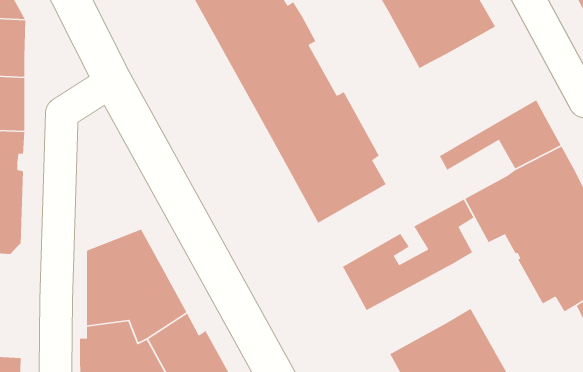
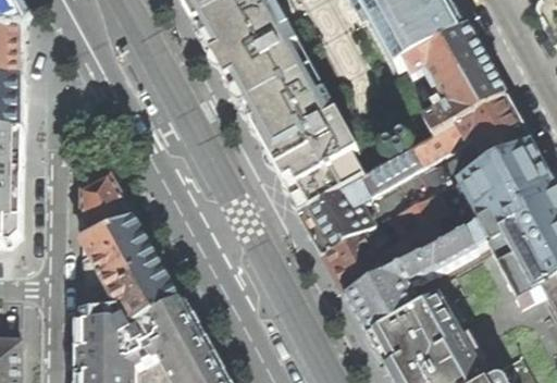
building: none -> [407,27,507,137]
building: none -> [300,147,479,254]
building: none -> [82,174,134,238]
building: none -> [346,224,486,336]

